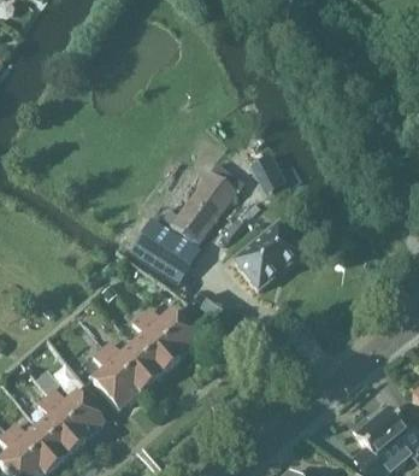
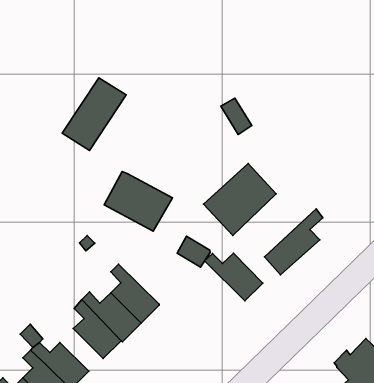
building: [169,170,236,243] -> [62,78,126,151]
building: none -> [265,209,323,275]
building: [140,307,197,358] -> [205,253,263,301]

